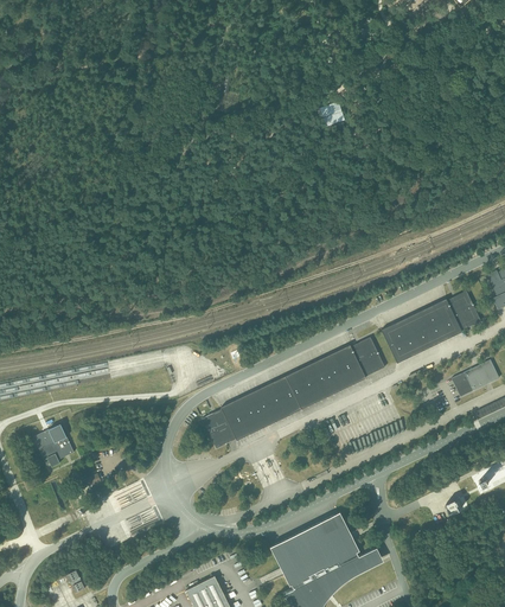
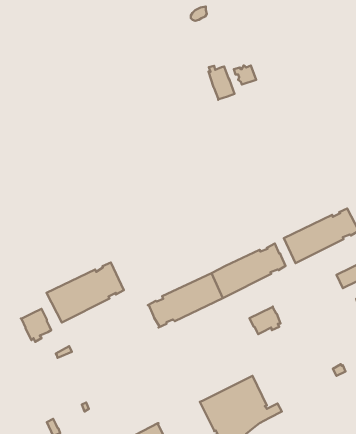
building: none -> [208,66,235,100]
building: none -> [47,263,124,323]
building: none -> [249,306,281,334]

